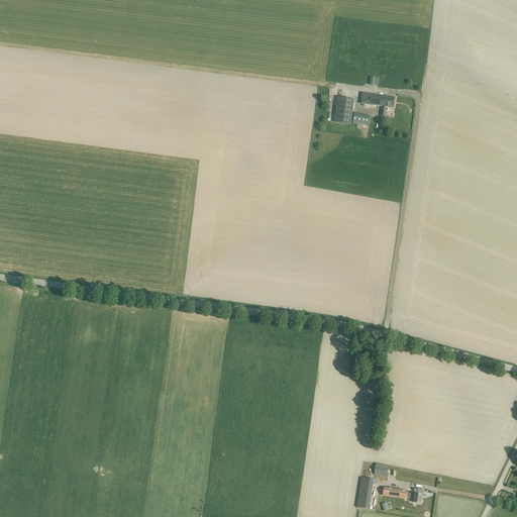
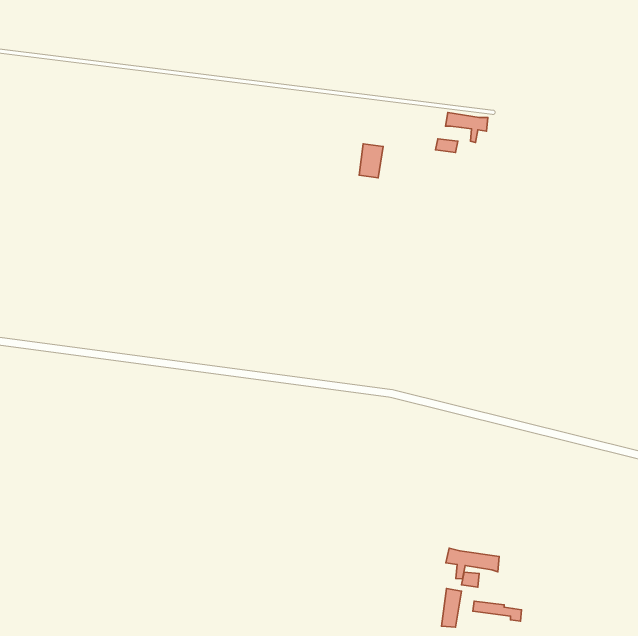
building: [334,95,353,122] -> [359,144,383,178]
building: none -> [446,548,499,579]

